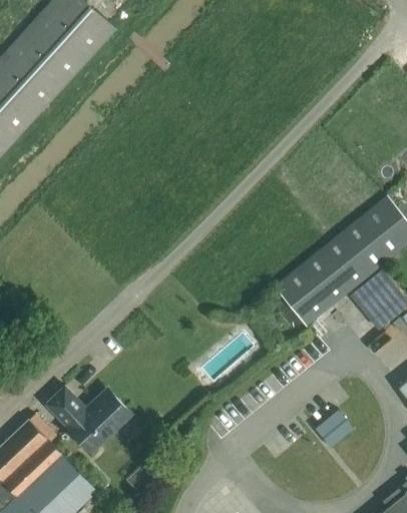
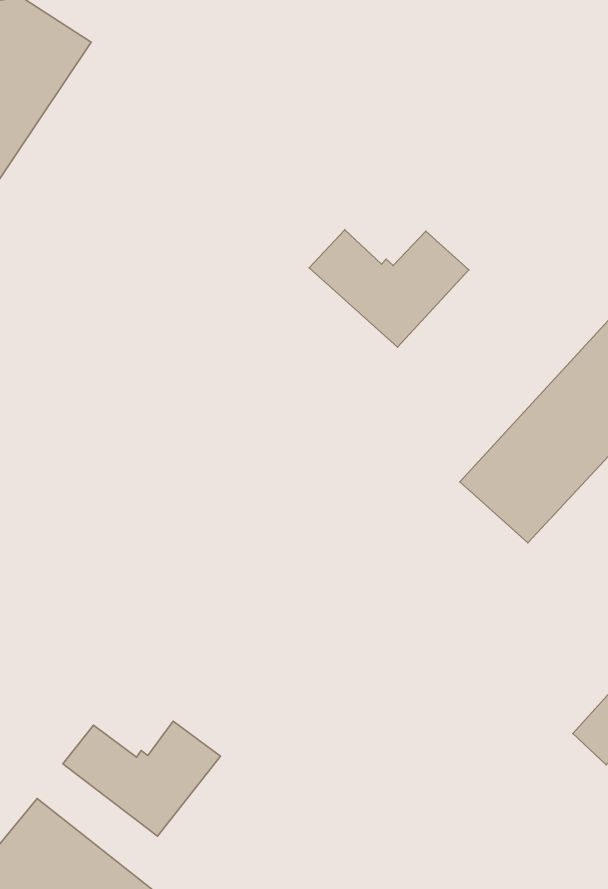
building: none -> [309,230,469,347]

